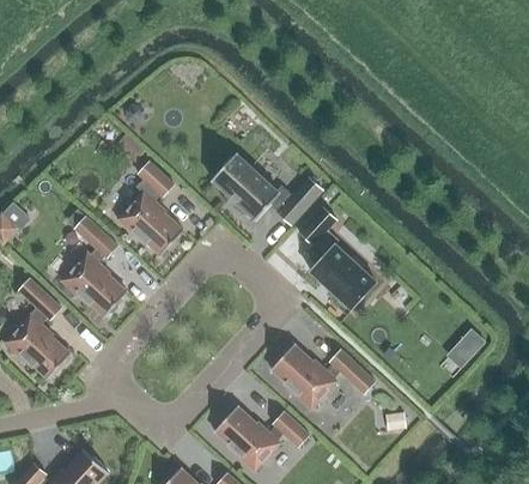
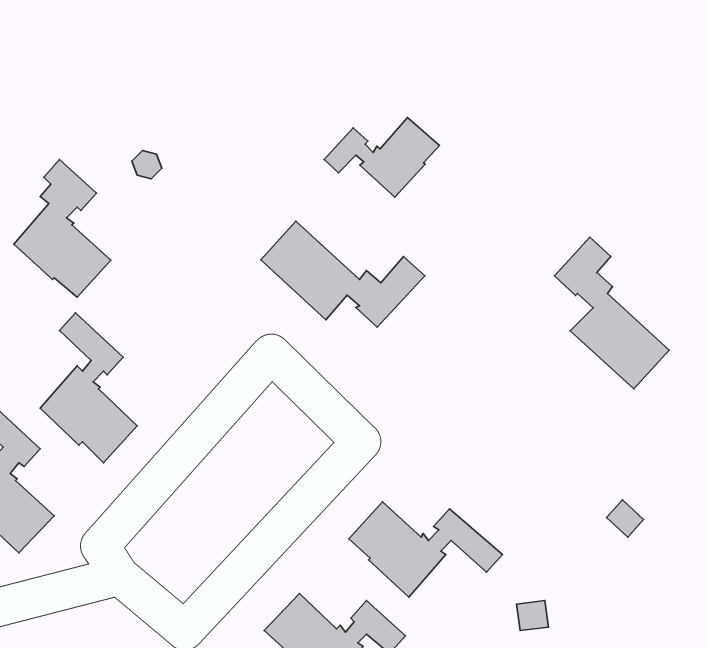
building: none -> [324,117,439,197]
building: [117,162,183,255] -> [14,159,111,297]
building: [298,206,376,309] -> [554,237,669,389]

